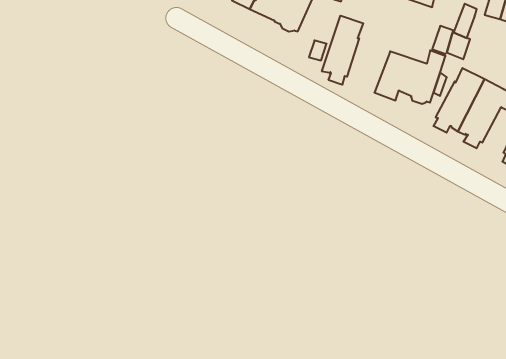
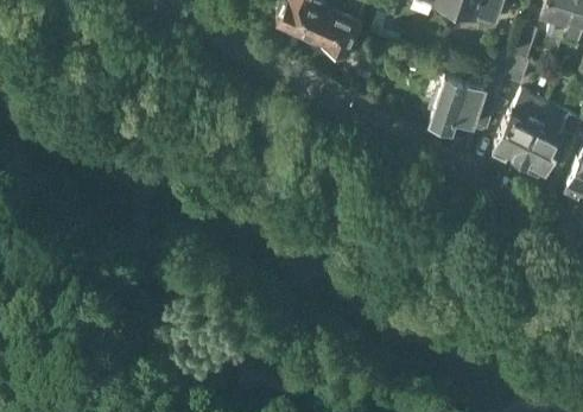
building: [322,16,363,85] -> none

